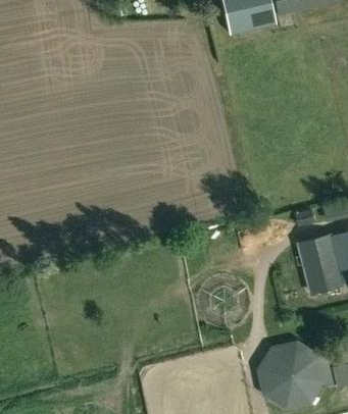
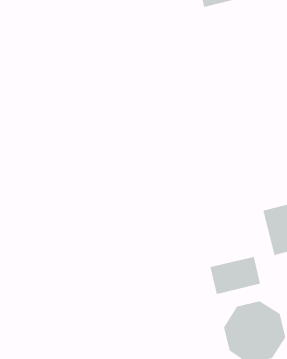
building: none -> [210,256,261,295]

